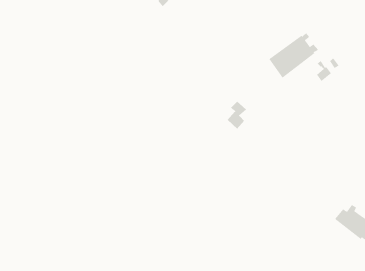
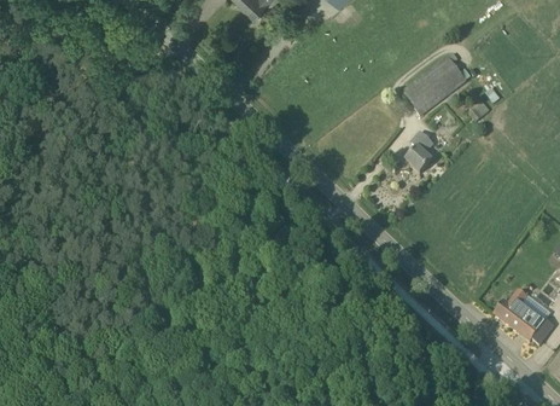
building: [227,101,247,129] -> [407,132,434,172]

